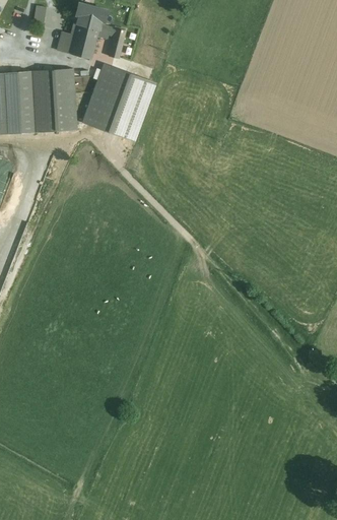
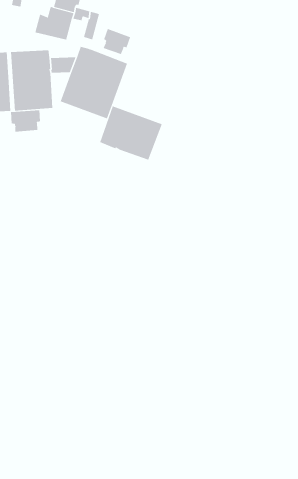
building: none -> [103,28,131,55]
building: none -> [99,105,163,161]
building: none -> [10,110,41,133]

